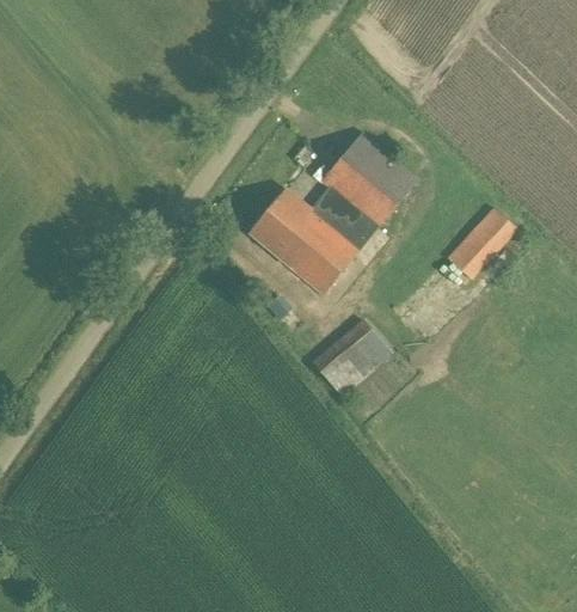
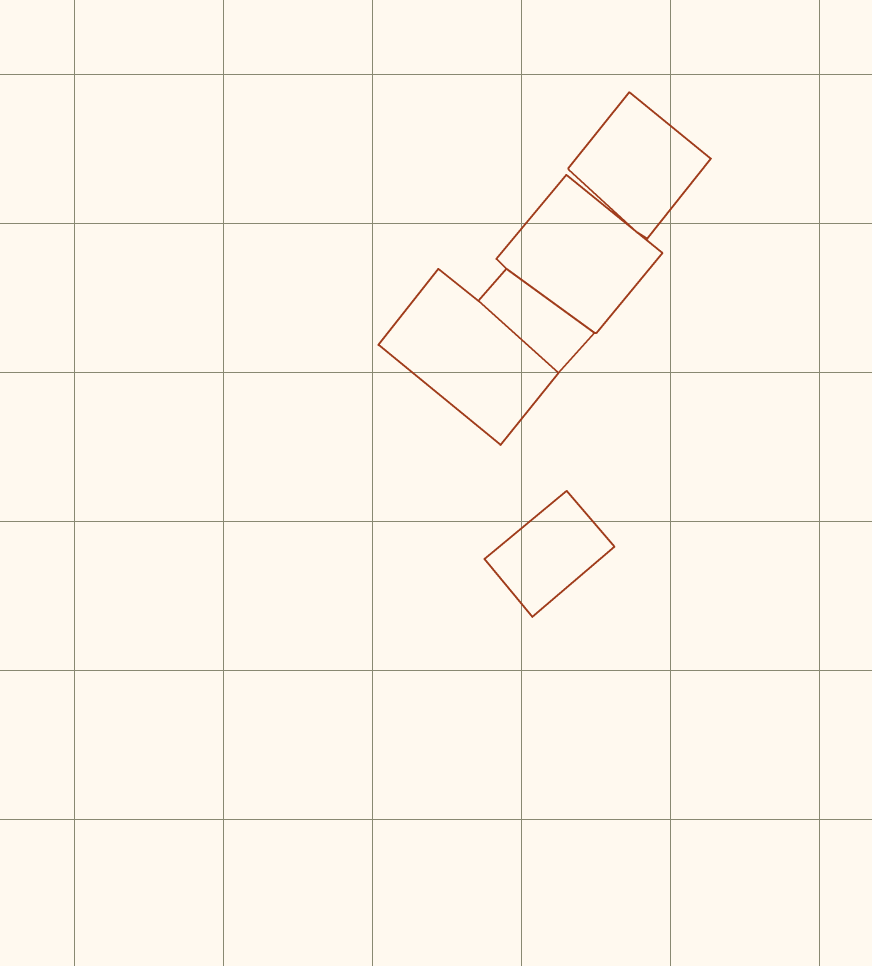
building: none -> [568,92,711,239]
building: [447,207,516,279] -> none

